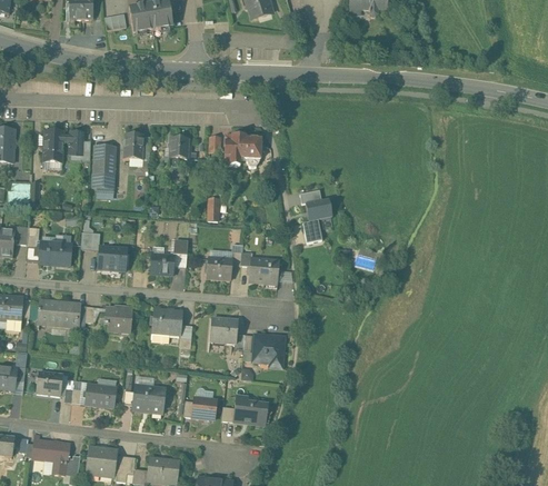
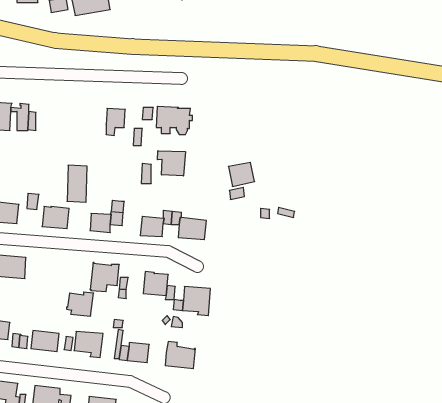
building: [122,130,142,166] -> none
building: [92,146,114,187] -> [67,165,87,202]
building: none -> [157,151,185,176]
building: [102,305,132,331] -> [67,292,94,316]

